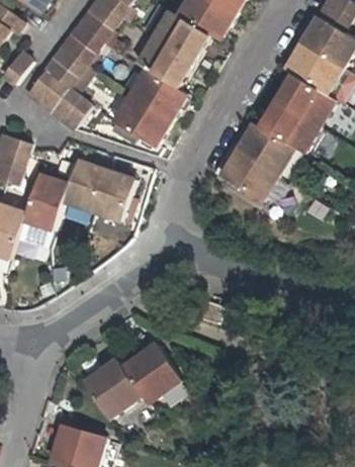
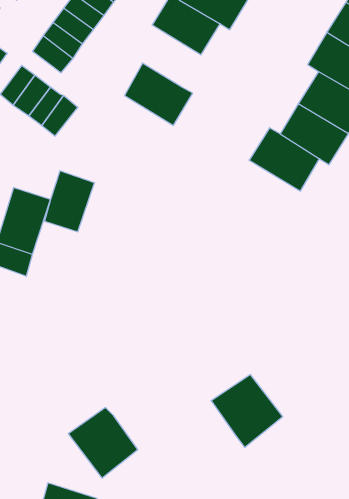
building: [136,35,194,88] -> none
building: [42,58,94,94] -> none
building: [113,95,171,147] -> none
building: [218,150,278,202] -> none
building: [90,169,135,220] -> none
building: [120,344,181,405] -> [211,375,283,448]

